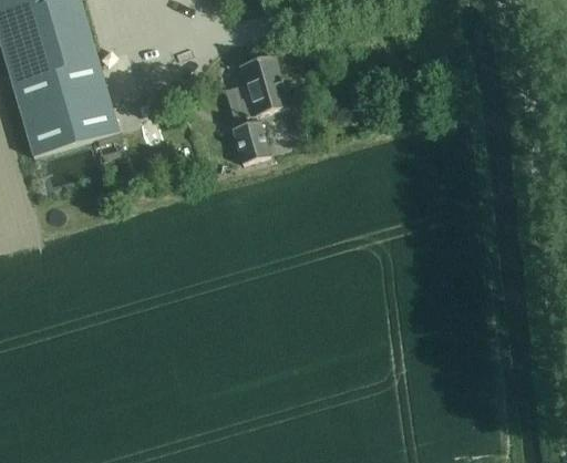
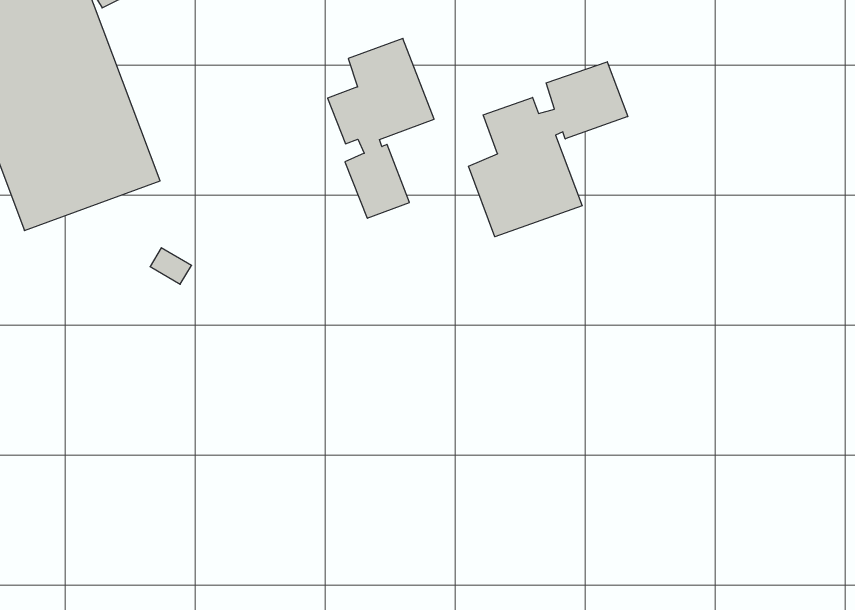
building: none -> [468,62,628,237]

